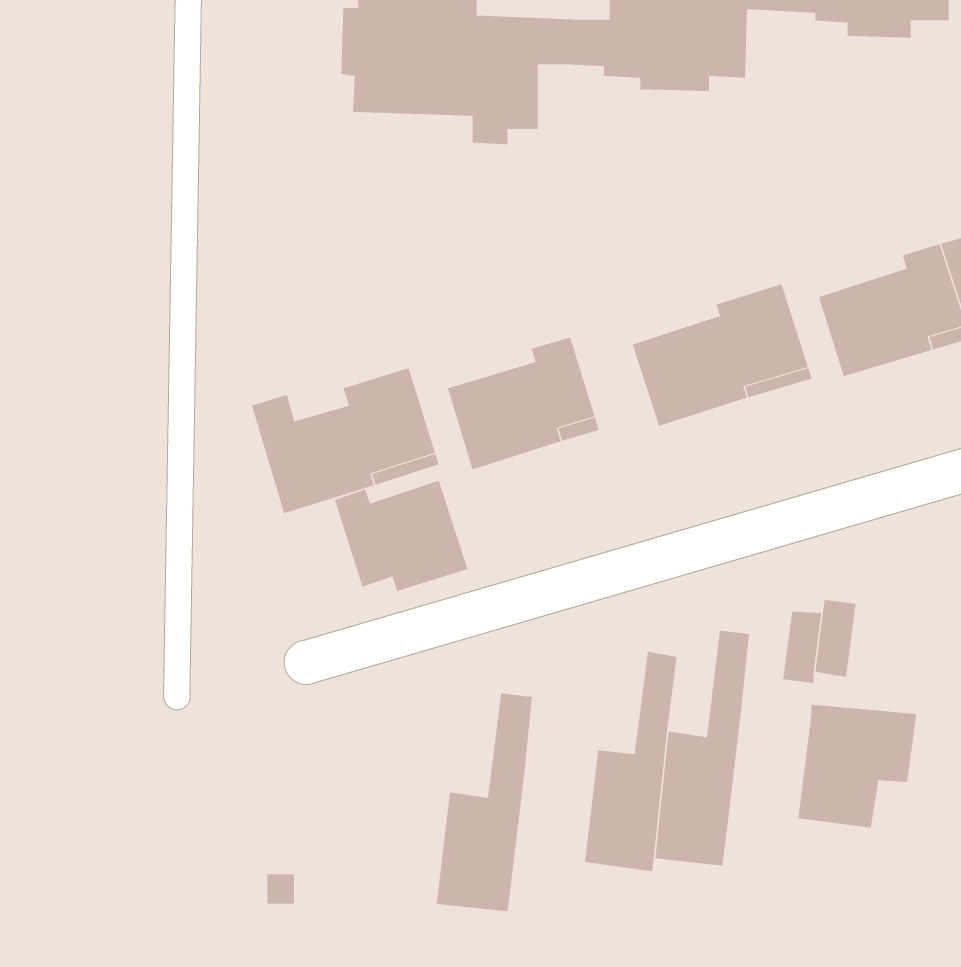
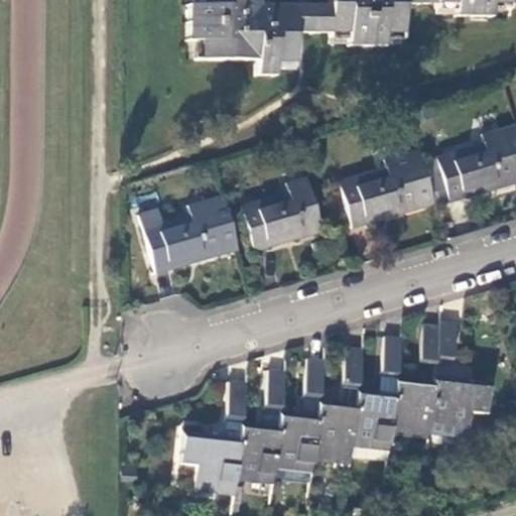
building: [334,480,468,592] -> none
building: none -> [277,357,327,473]
building: none -> [392,375,435,439]
building: none -> [182,378,249,495]

